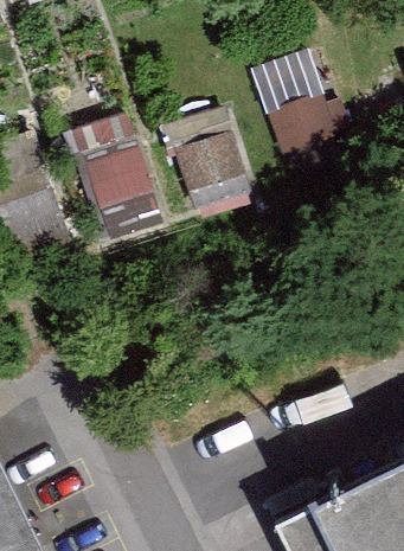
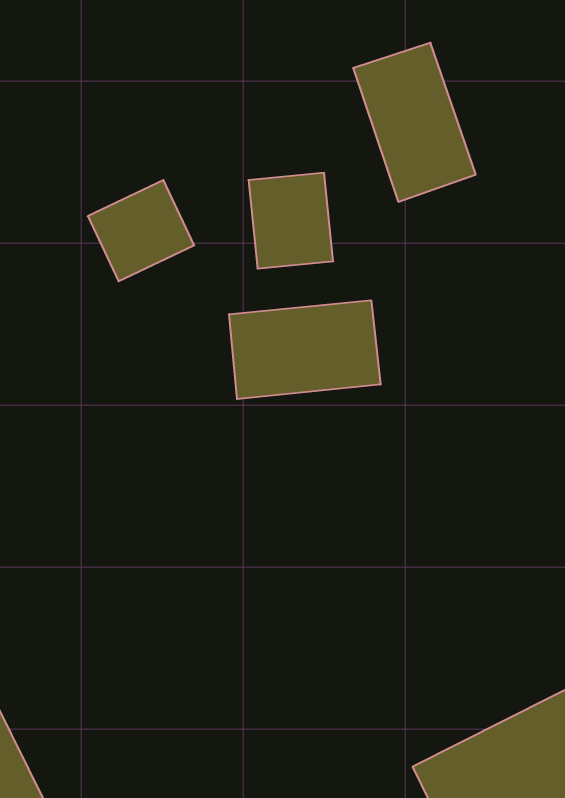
building: none -> [229,300,381,399]

